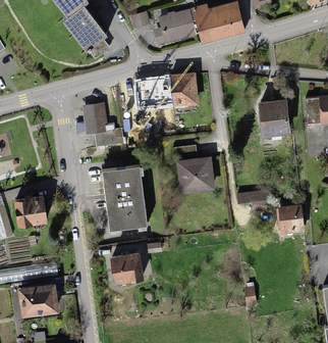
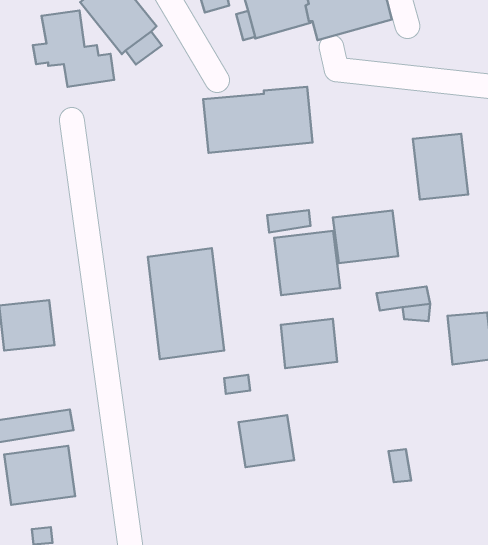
building: [76,101,124,146] -> [33,11,114,87]
building: none -> [333,211,398,263]
building: none -> [281,319,337,368]
building: [111,253,144,284] -> [239,415,294,467]

